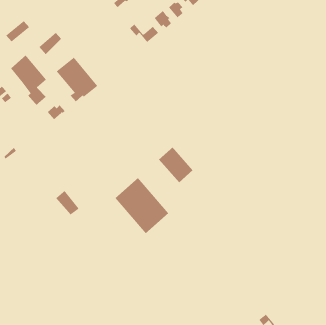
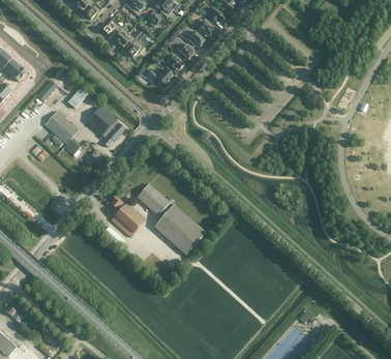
building: [158,146,194,183] -> [137,183,170,215]
building: none -> [111,195,146,237]

